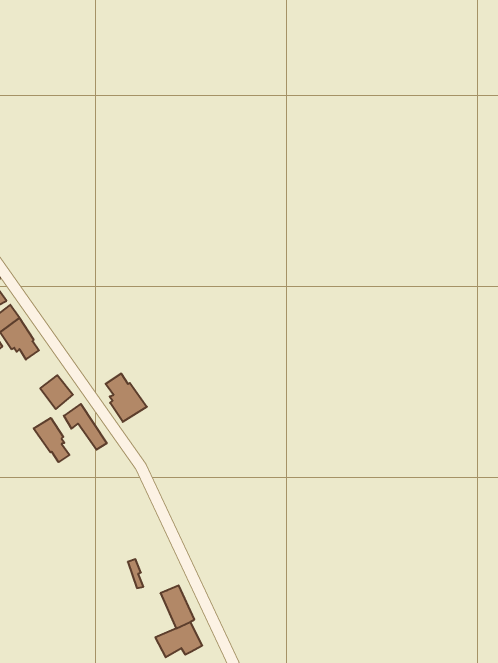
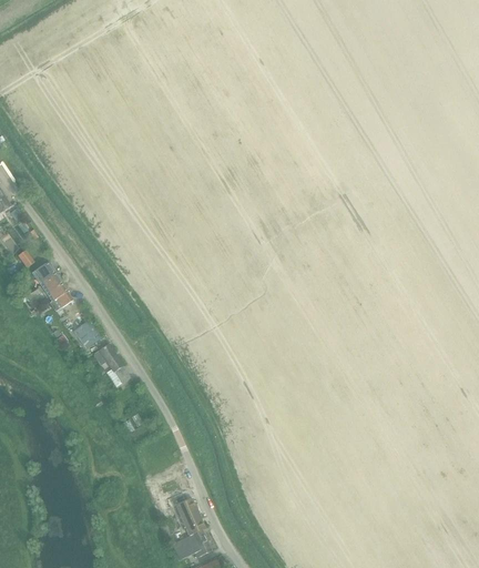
building: [106,373,147,422] -> none
building: [34,418,69,462] -> none

